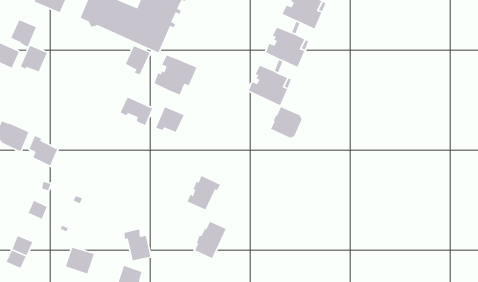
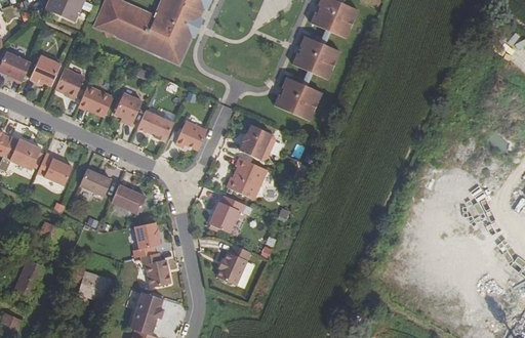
building: [10,19,37,48] -> [54,69,83,99]
building: [125,45,151,76] -> [114,92,142,125]
building: [153,54,198,96] -> none
building: none -> [78,85,113,116]
building: [270,106,303,139] -> [239,125,274,160]
building: none -> [226,157,267,199]
building: none -> [78,169,110,197]
building: none -> [110,184,145,214]
building: none -> [132,221,159,257]

